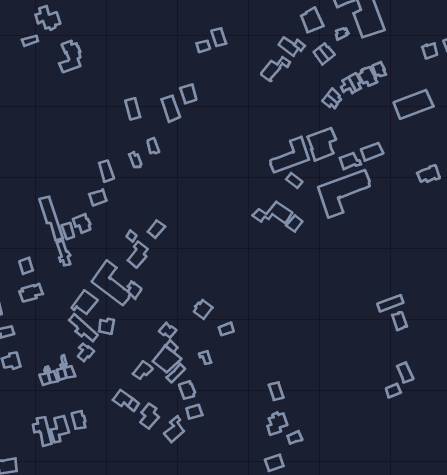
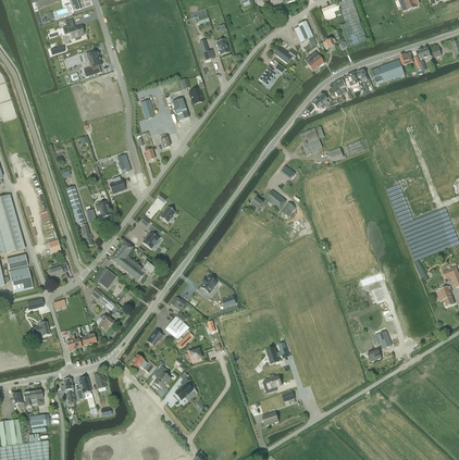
building: [394,90,434,119] -> [370,60,405,85]
building: [271,137,309,172] -> none
building: [318,170,370,218] -> none

